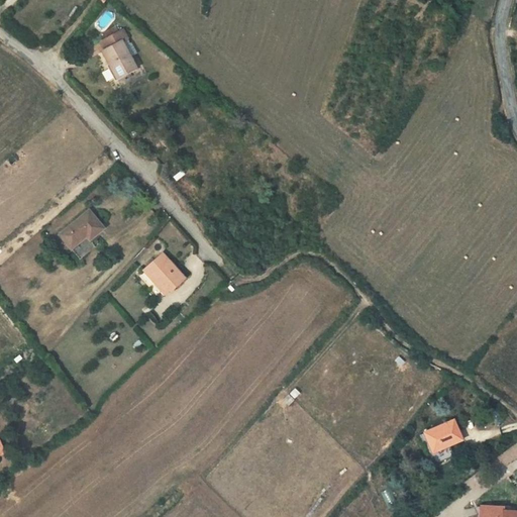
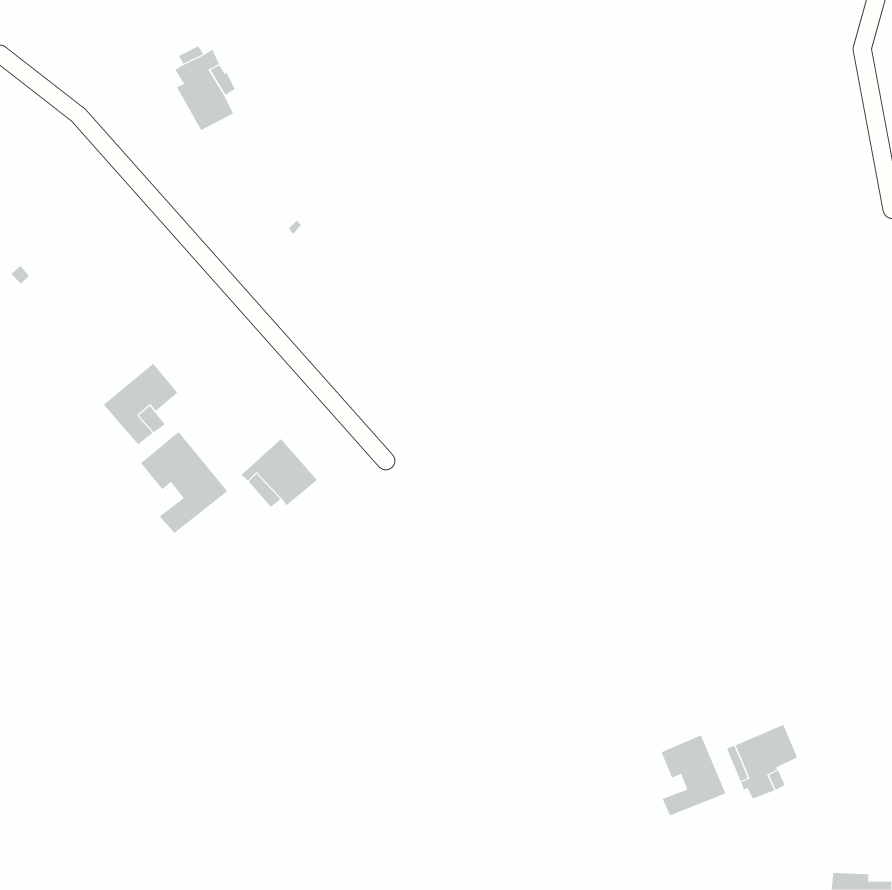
building: none -> [140,431,228,534]
building: none -> [661,735,726,816]

